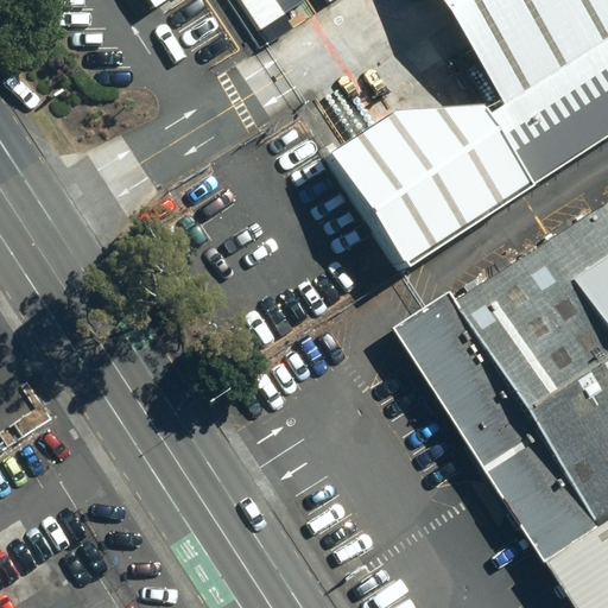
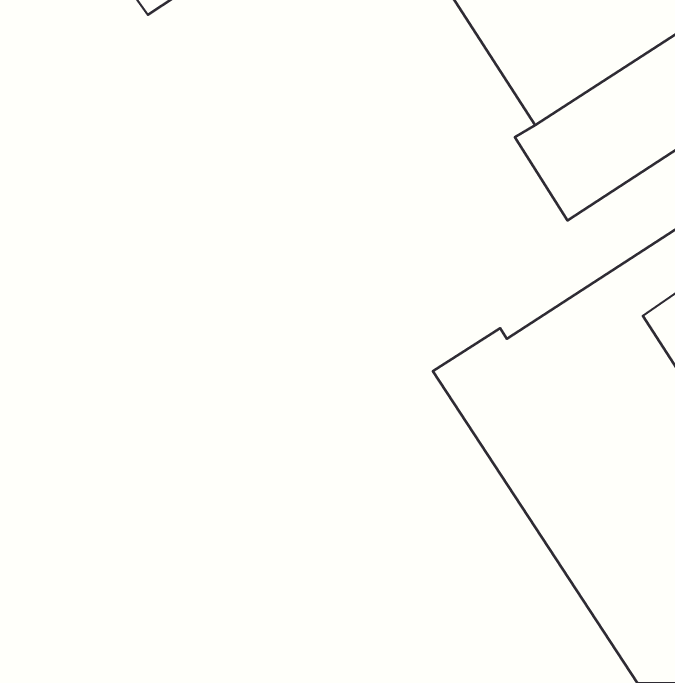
building: [329,81,512,270] -> none

